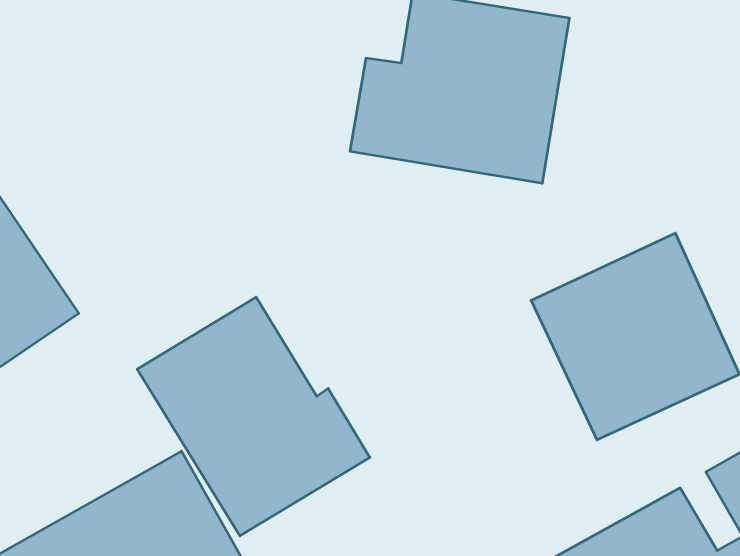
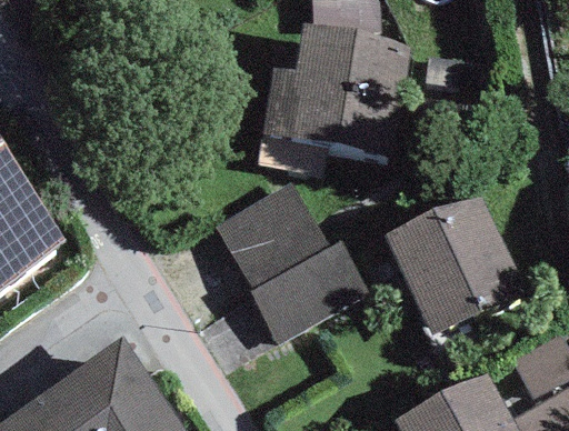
building: [137,297,370,536] -> [207,178,368,343]

